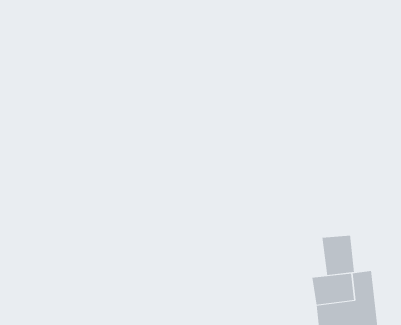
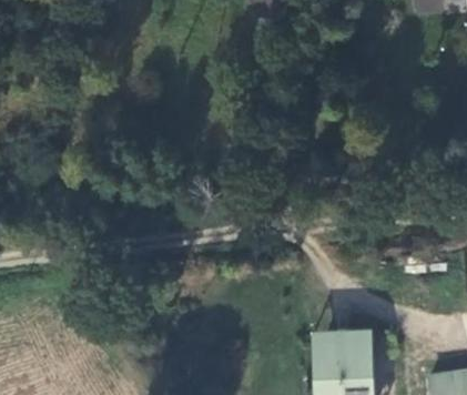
building: [322,235,354,276] -> none

